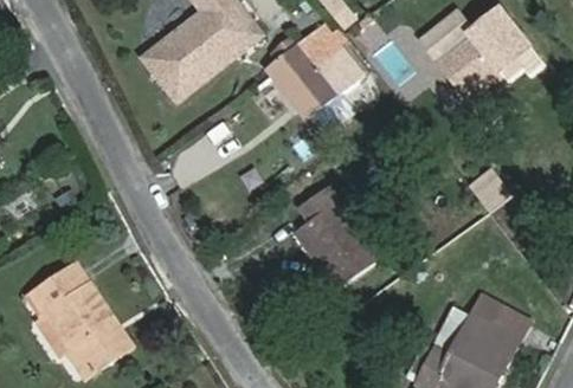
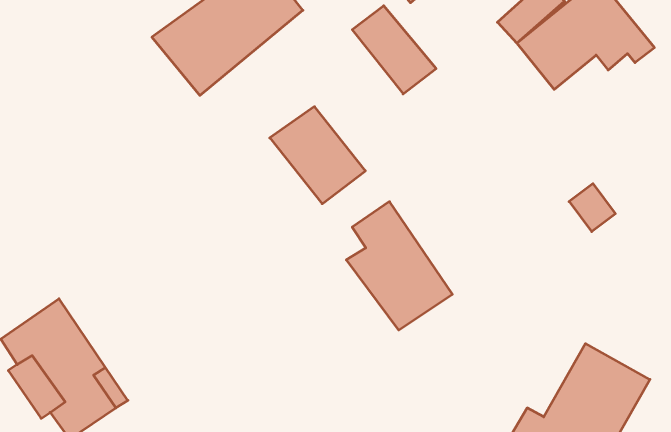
building: [264,47,340,124] -> [270,107,365,204]

